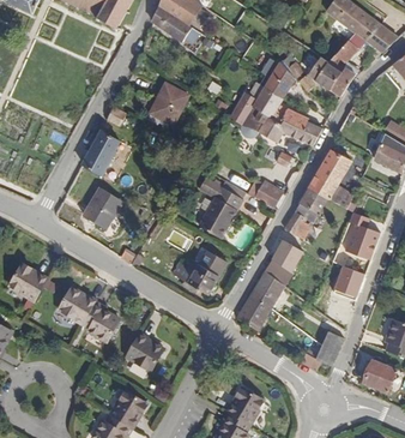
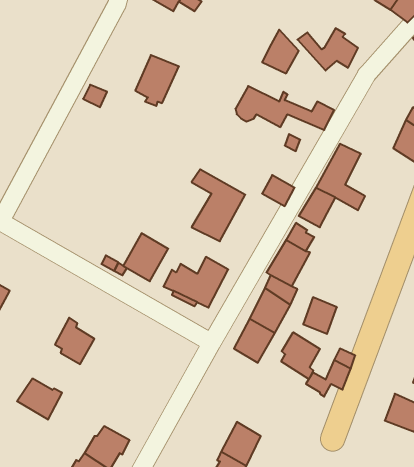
building: [328,38,359,95] -> none
building: [226,80,307,126] -> none
building: [84,126,121,170] -> none
building: [86,187,125,228] -> [123,233,168,281]
building: [338,204,377,254] -> none
building: [332,260,361,292] -> [303,297,337,334]
building: [58,289,96,324] -> [17,379,62,420]
building: none -> [281,332,320,379]
building: [126,331,162,367] -> none

